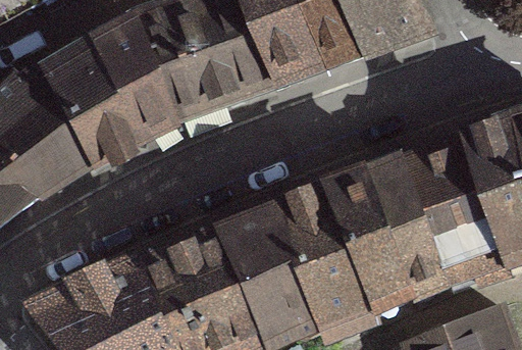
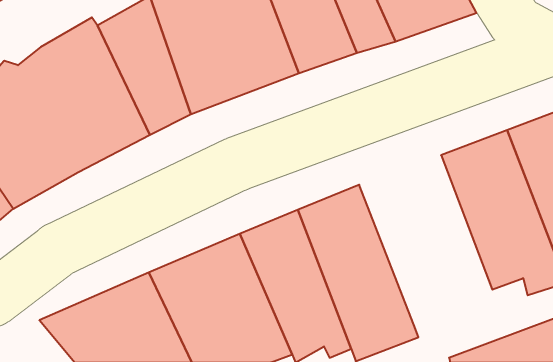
building: [329,160,449,312] -> none

